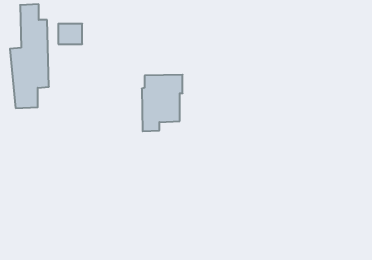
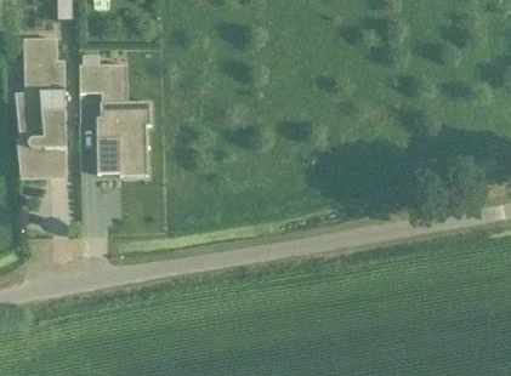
building: [142,75,183,131] -> [97,99,151,173]

